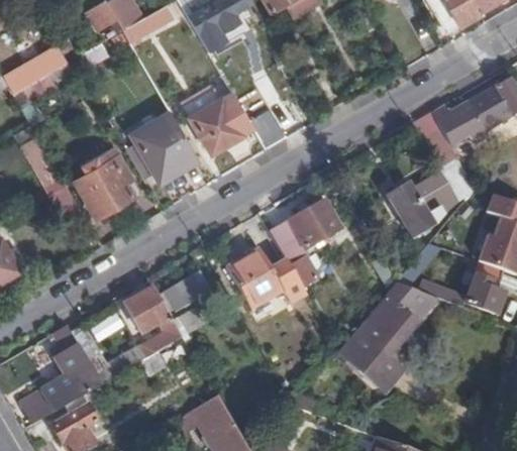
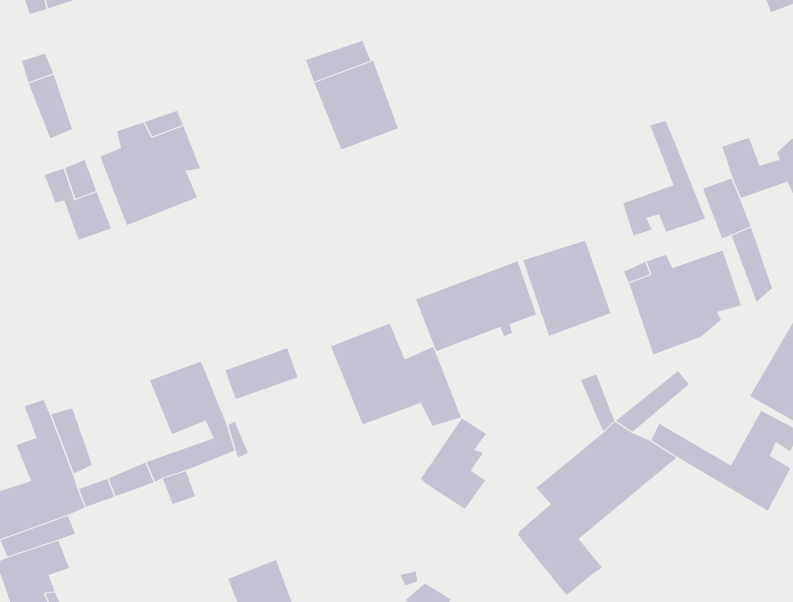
building: none -> [623,120,706,236]
building: [132,112,196,178] -> none
building: none -> [522,240,611,337]
building: none -> [420,417,487,510]

